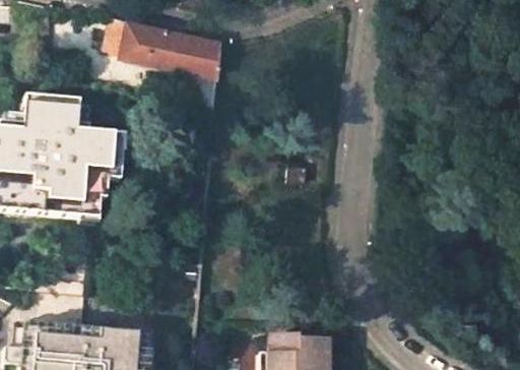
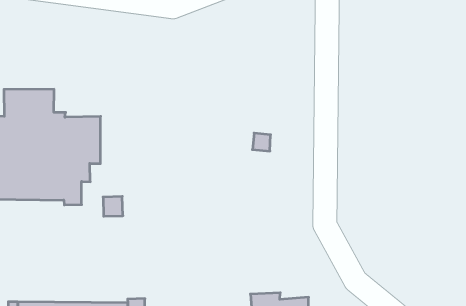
building: [104,17,218,76] -> none

